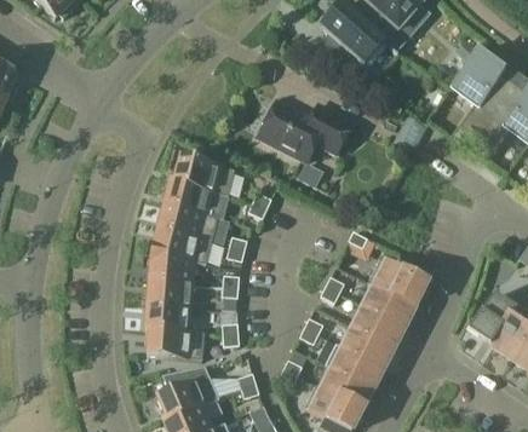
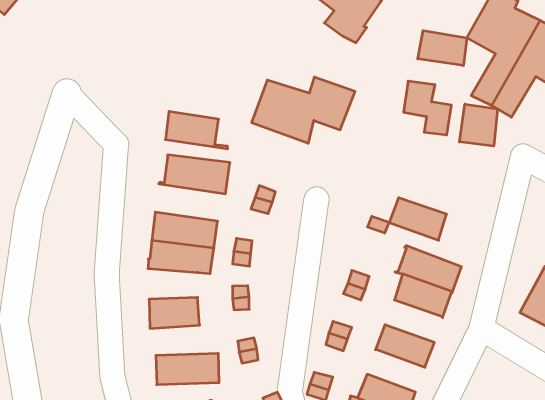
building: none -> [418,31,467,66]
building: none -> [459,104,497,146]
building: [165,180,218,219] -> [165,111,228,149]
building: [150,253,195,283] -> none
building: [145,305,205,334] -> none
building: [352,306,403,347] -> [389,198,447,240]
building: [332,347,383,387] -> none

